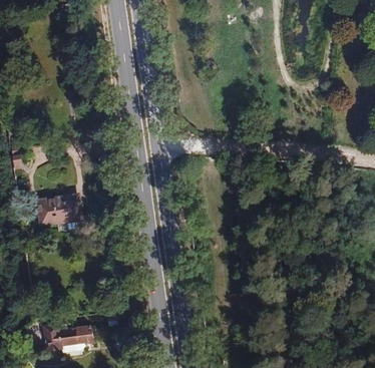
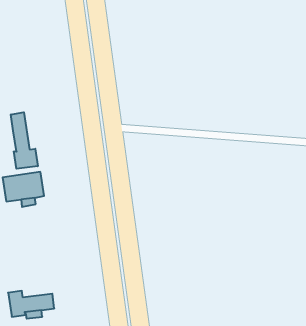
building: none -> [11,112,38,169]

